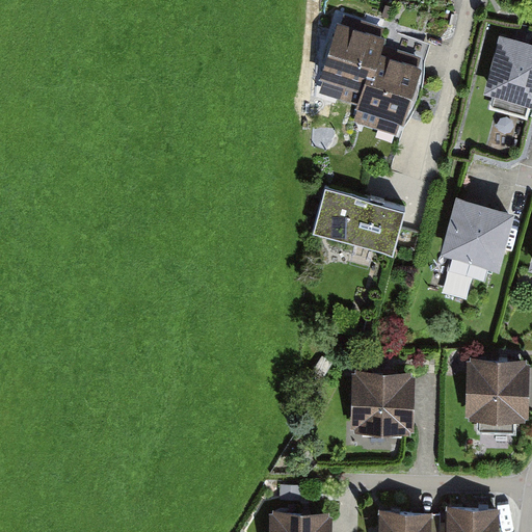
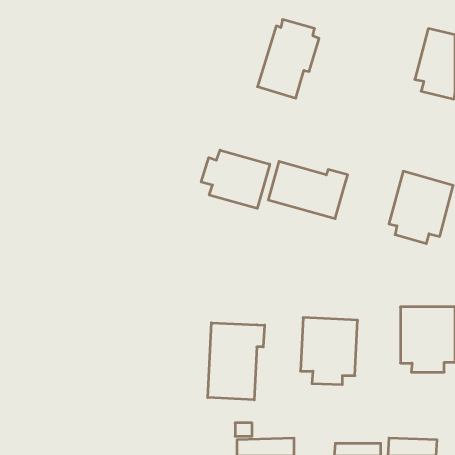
building: [352,30,424,122] -> none
building: none -> [201,150,270,208]
building: none -> [208,323,265,400]

